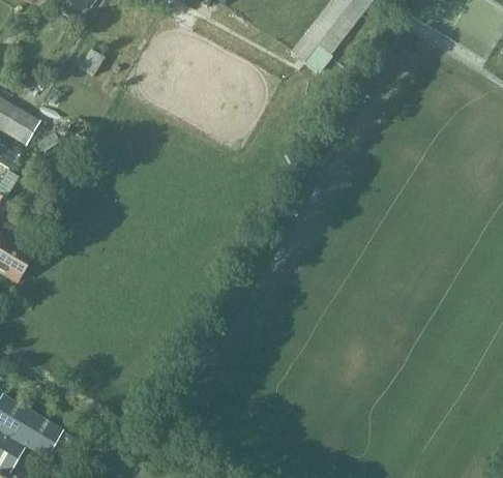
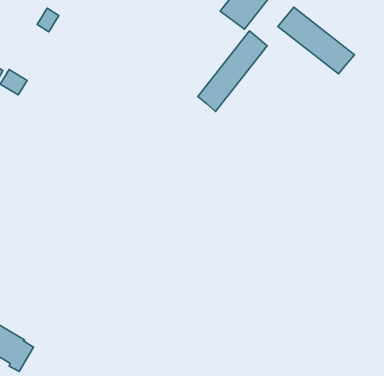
building: none -> [278,7,355,74]
building: none -> [198,31,267,111]

